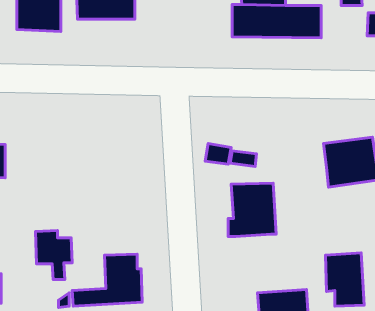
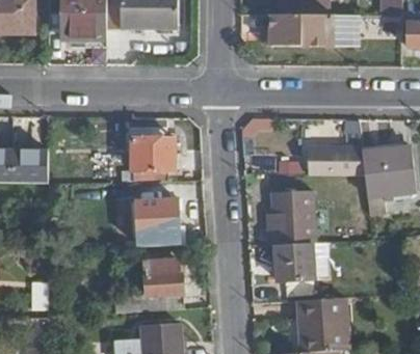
building: none -> [132,140,174,186]
building: none -> [307,148,367,174]
building: [36,230,72,280] -> [145,198,181,247]
building: [325,253,364,306] -> [277,241,315,294]

